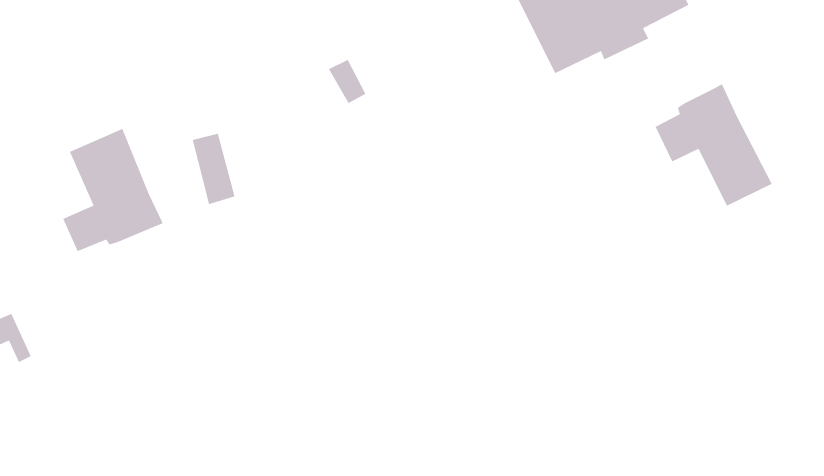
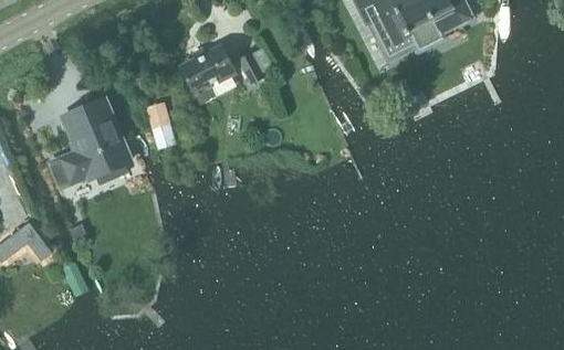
building: none -> [180,45,236,104]
building: [655,84,773,207] -> none

